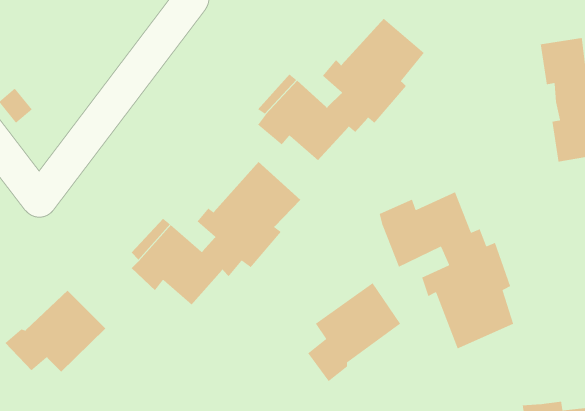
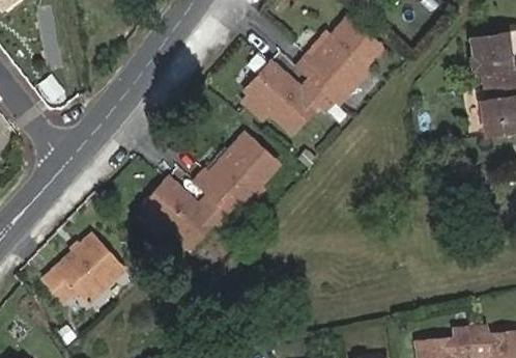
building: [379,191,514,350] -> none
building: [307,282,401,382] -> none

